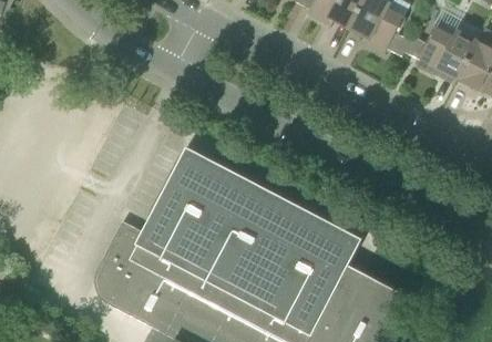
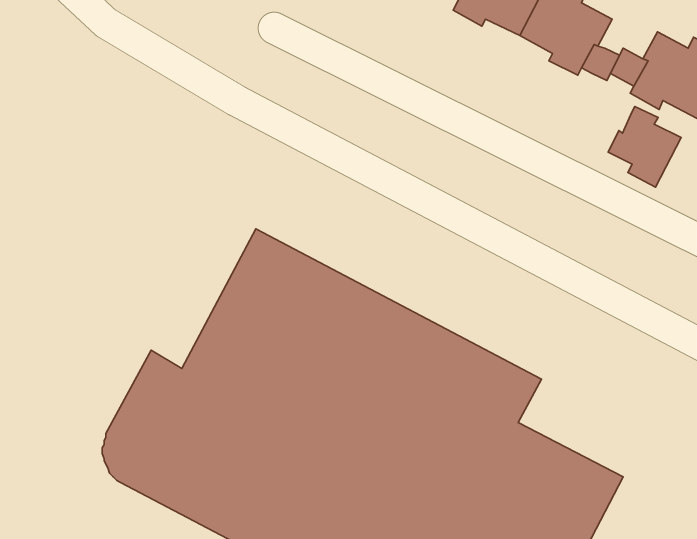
building: none -> [608,107,681,187]

